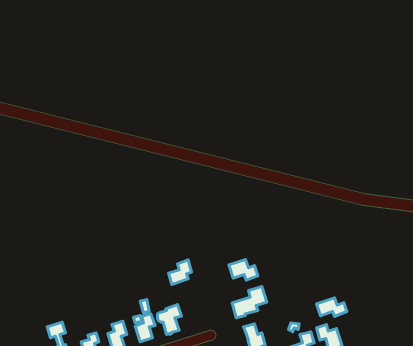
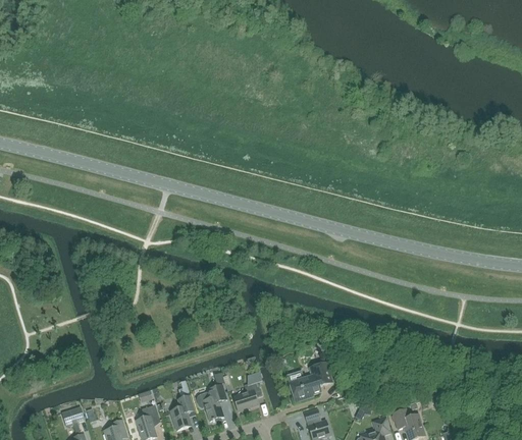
building: [229,260,258,280] -> none
building: [168,260,192,285] -> [233,380,262,410]
building: [316,298,347,317] -> none

